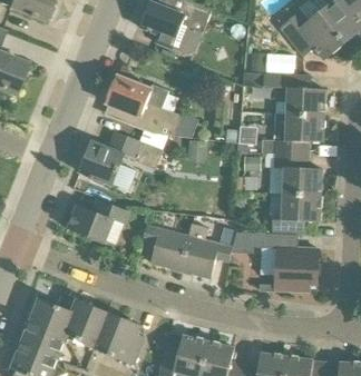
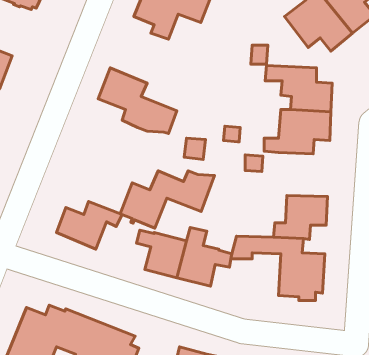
building: [79,130,167,184] -> [120,171,214,228]
building: [273,154,321,195] -> none

